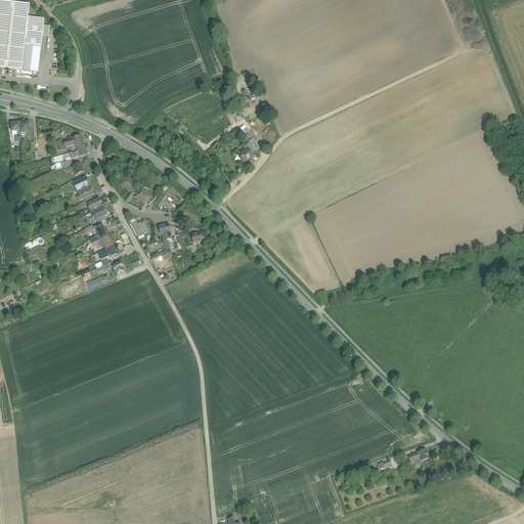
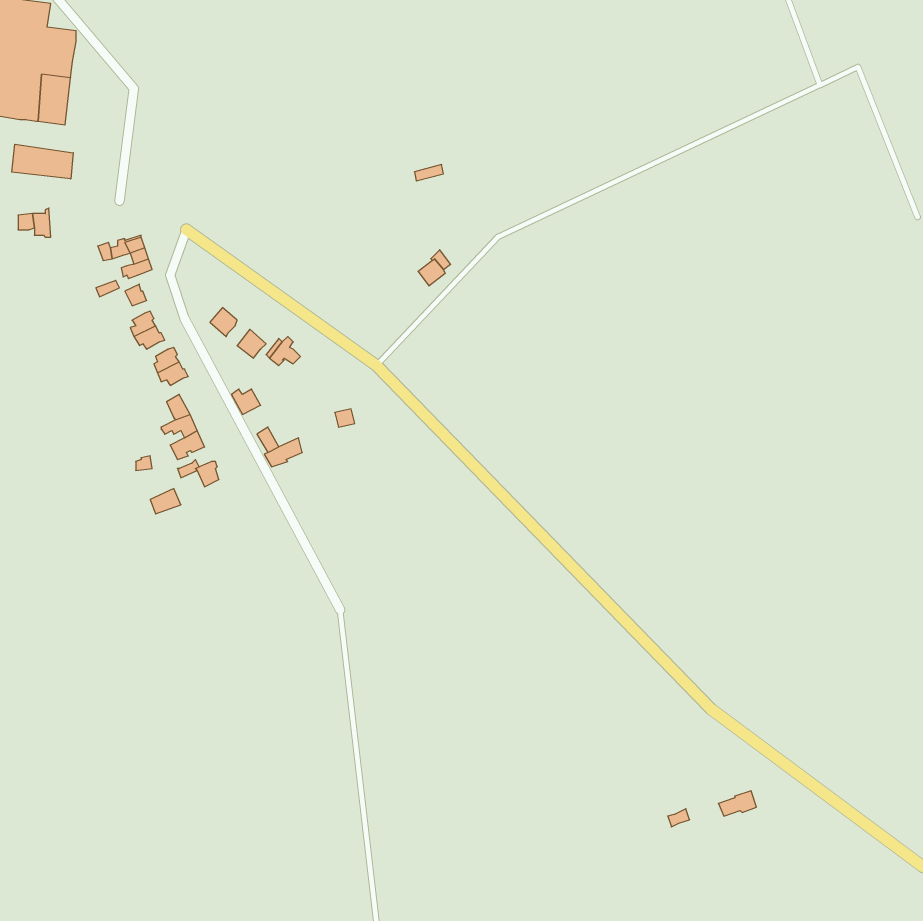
building: none -> [12,144,73,179]

